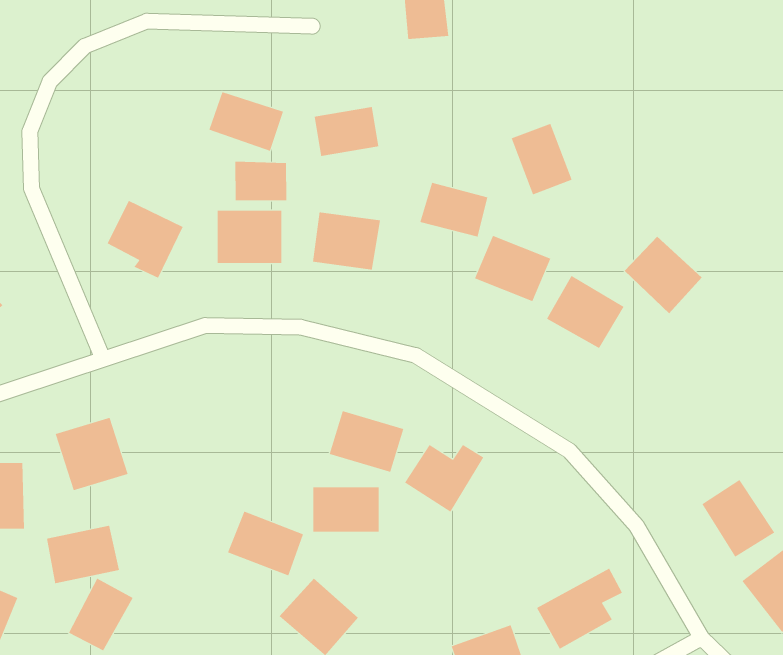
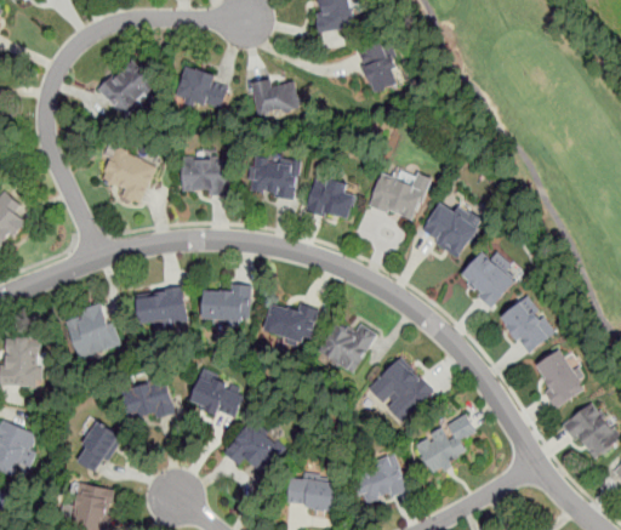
building: none -> [97,56,158,116]
building: [511,123,573,195] -> [355,40,400,92]
building: [235,161,287,201] -> none
building: [420,182,488,237] -> [304,181,354,221]
building: [624,236,702,314] -> [457,251,514,308]
building: none -> [135,285,187,326]
building: none -> [498,297,553,354]
building: [313,487,379,532] -> [201,286,250,319]
building: none -> [366,358,432,423]
building: [46,525,120,584] -> [120,380,173,422]

